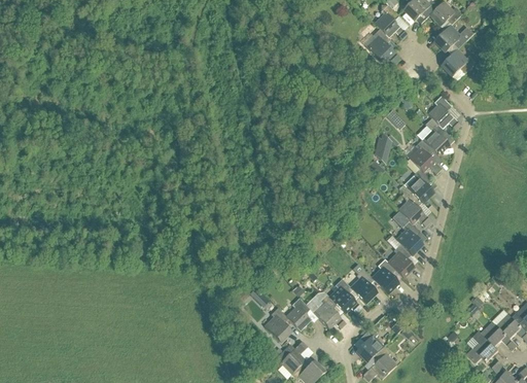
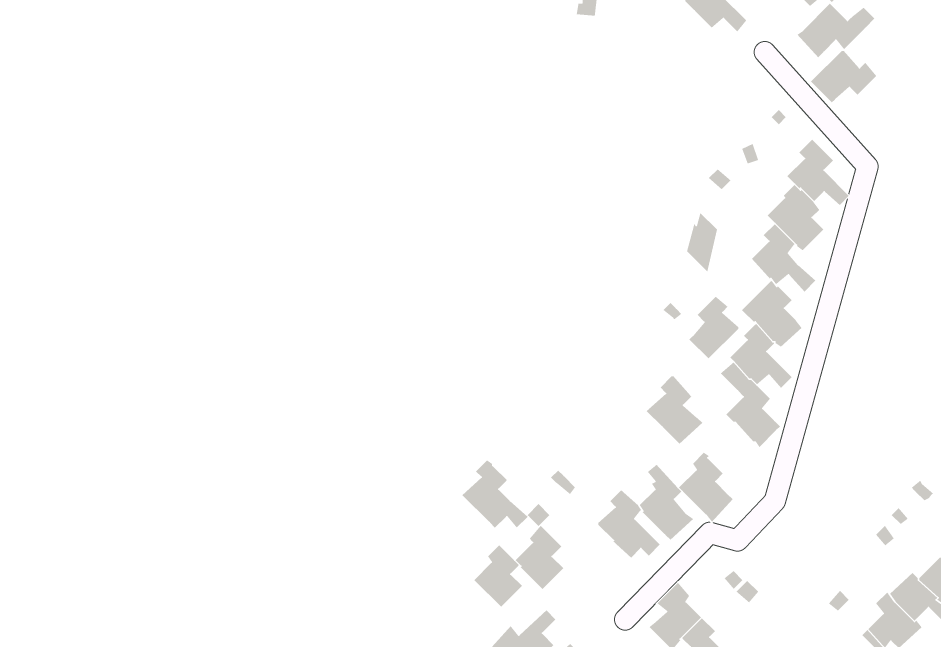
building: [365,28,400,64] -> none
building: none -> [689,296,739,359]
building: [386,243,416,279] -> [646,376,703,445]
building: [312,293,347,329] -> [461,460,528,529]

